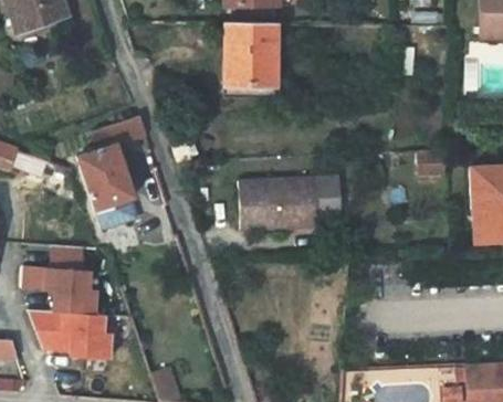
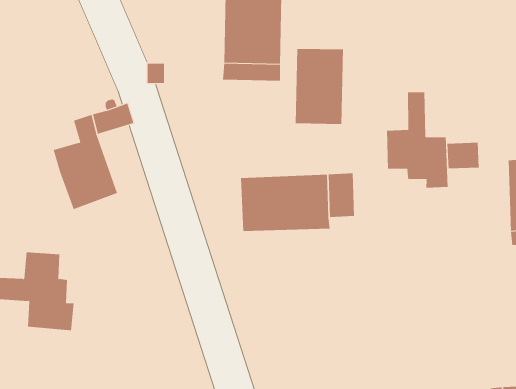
building: none -> [295,48,344,125]
building: none -> [386,91,448,189]
building: [36,310,113,358] -> none

